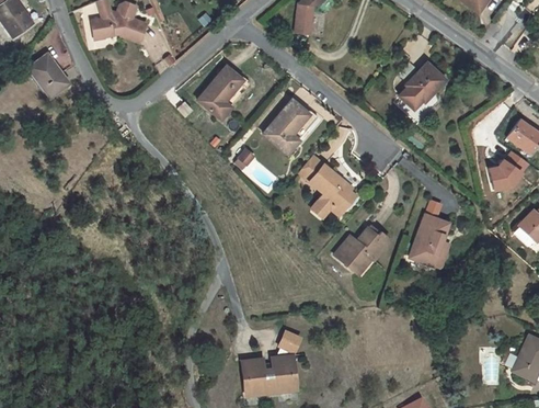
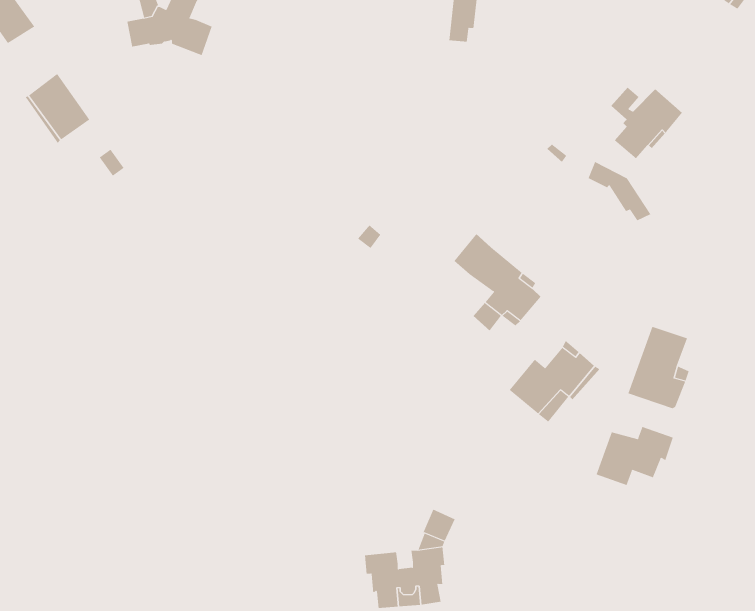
building: [197,65,249,117] -> none
building: [263,99,316,152] -> none
building: none -> [588,161,651,221]
building: none -> [596,426,674,486]

